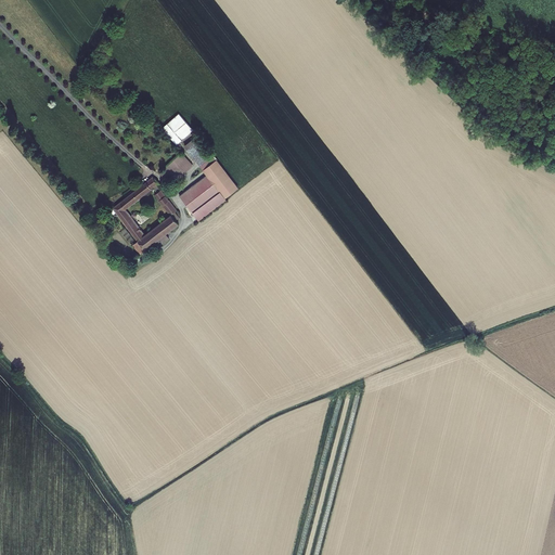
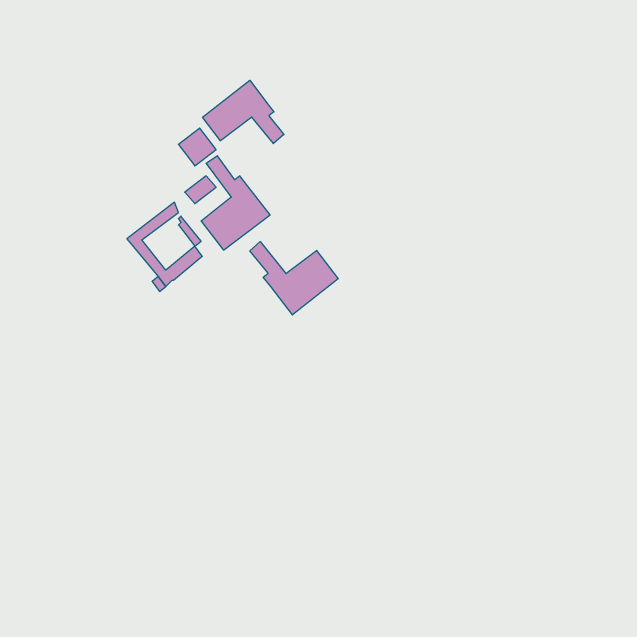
building: none -> [203,80,284,144]
building: none -> [250,242,338,315]

